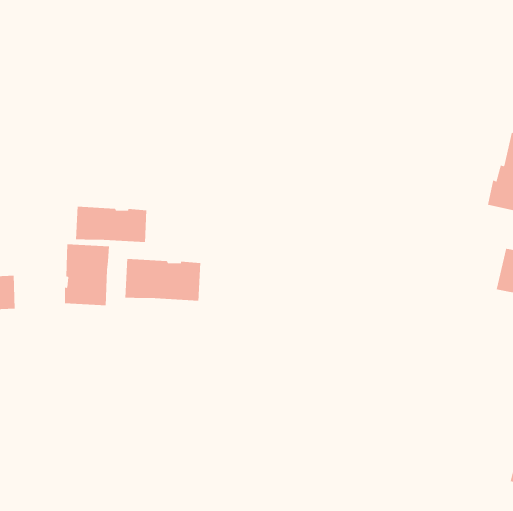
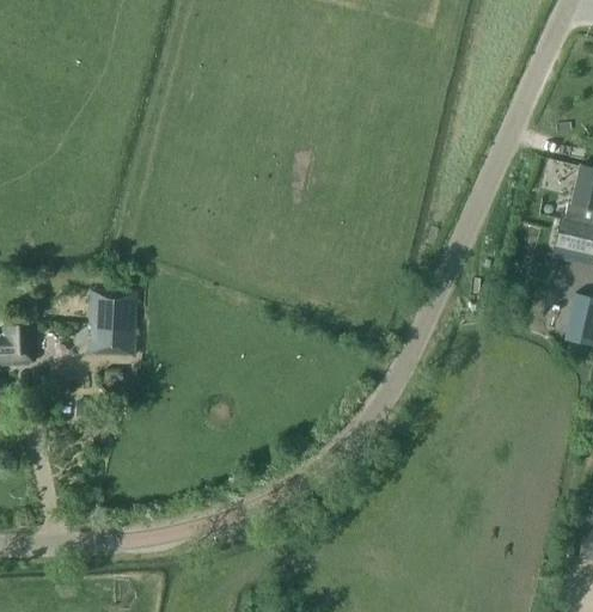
building: [76,206,147,243] -> none
building: [125,258,201,302] -> none

